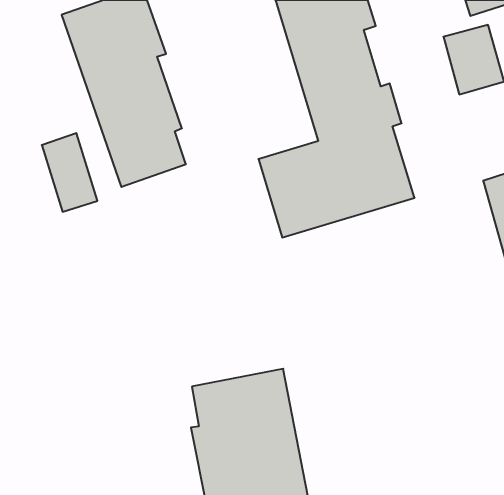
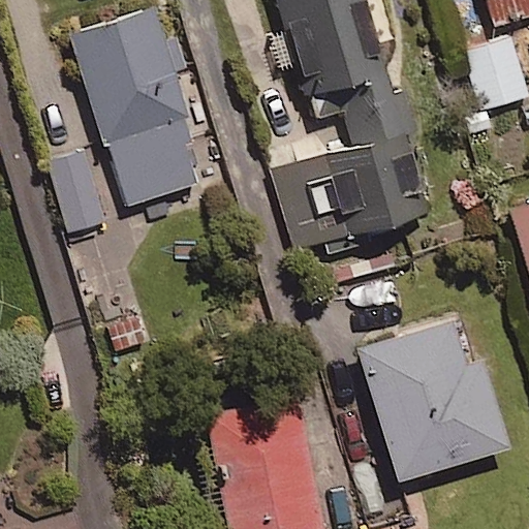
building: none -> [363,319,507,478]

